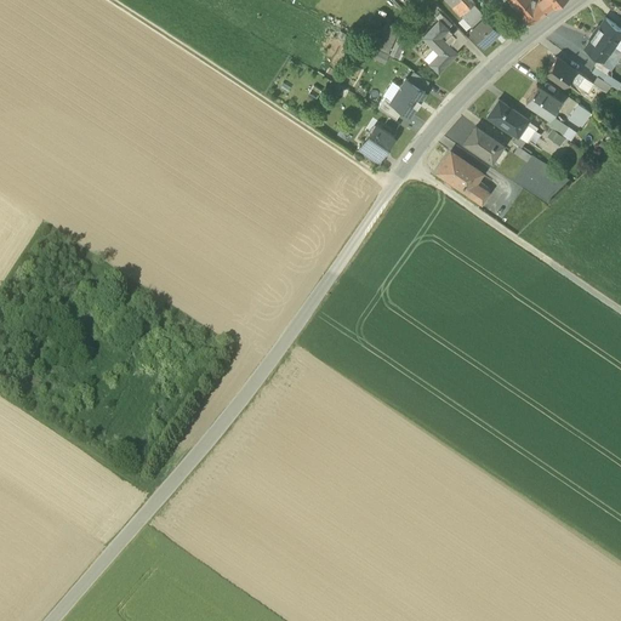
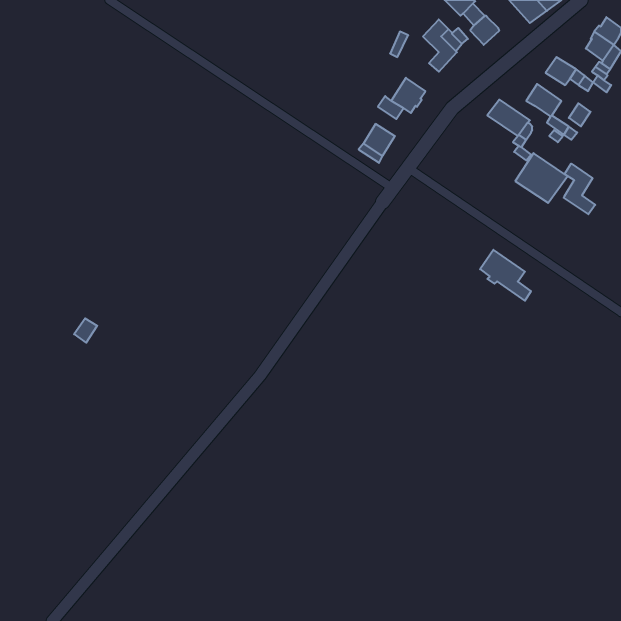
building: [463,126,502,161] -> none
building: [437,152,488,203] -> [480,250,531,301]
building: none -> [564,164,595,214]

